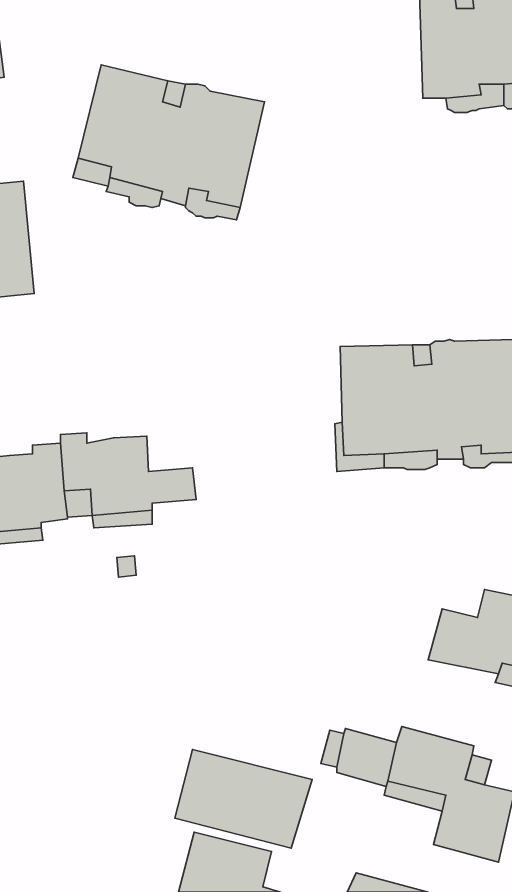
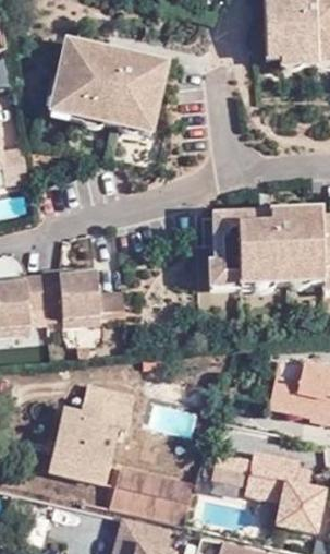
building: none -> [52,382,142,481]

